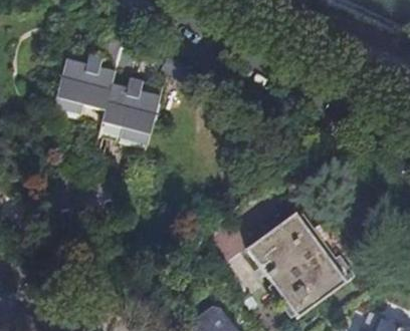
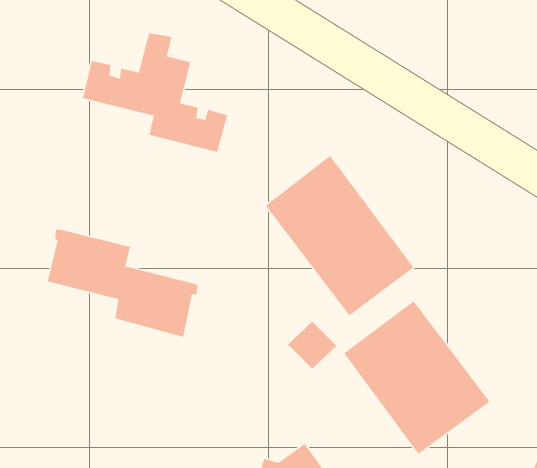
building: [59,75,163,149] -> [47,229,198,338]
building: none -> [265,155,414,316]

